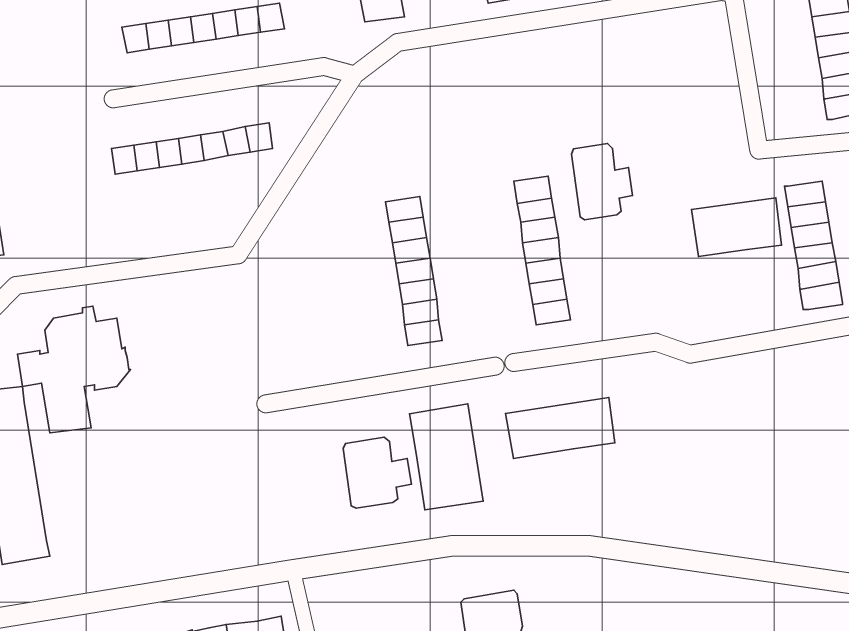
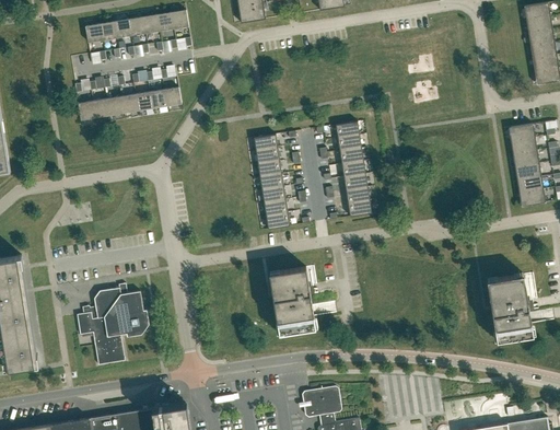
building: [572,143,633,220] -> none
building: [692,198,781,256] -> none
building: [17,306,130,433] -> [77,283,149,364]
building: [506,397,615,459] -> none
building: none -> [486,275,532,341]
building: [343,437,411,508] -> none

